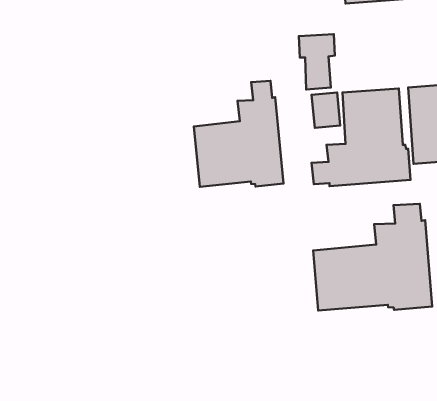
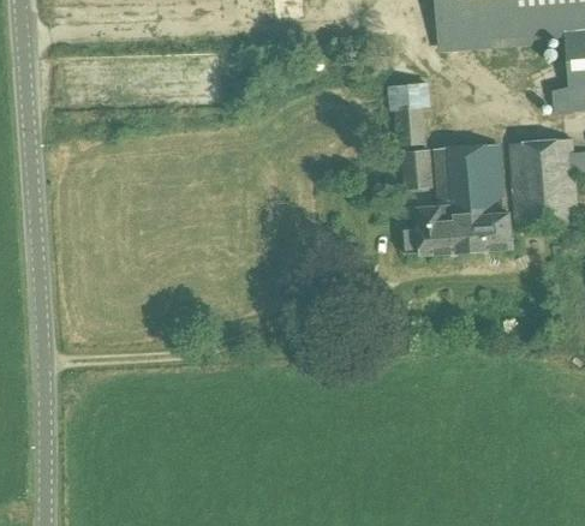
building: [194,81,283,187] -> none
building: [313,204,432,311] -> none

